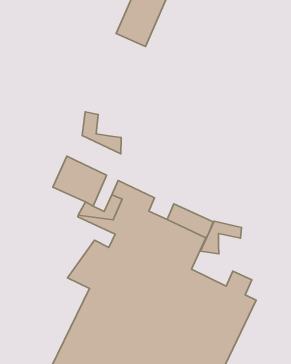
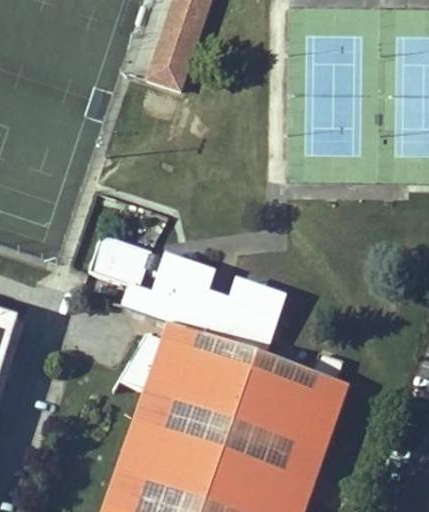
building: [82,112,121,154] -> none
building: [200,221,241,254] -> none

